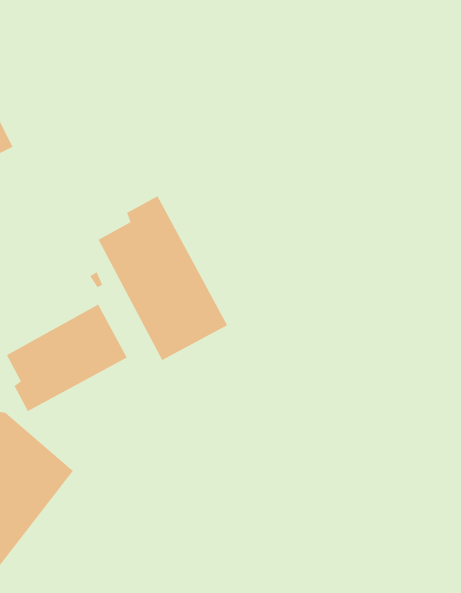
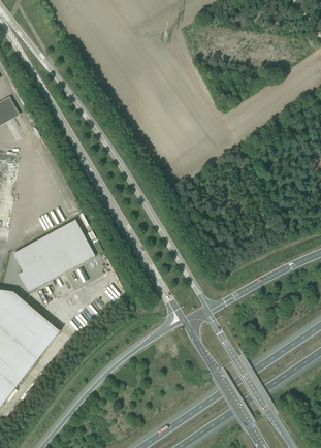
building: [98,195,228,361] -> none

